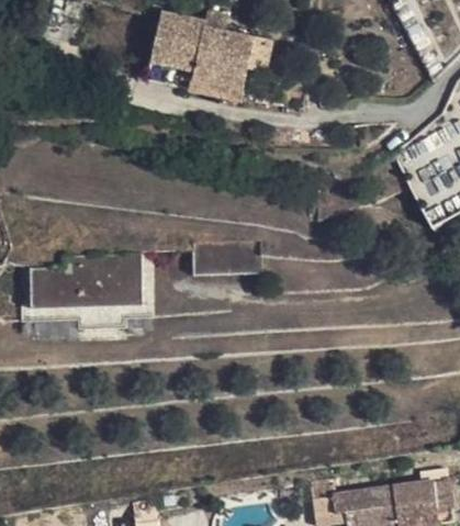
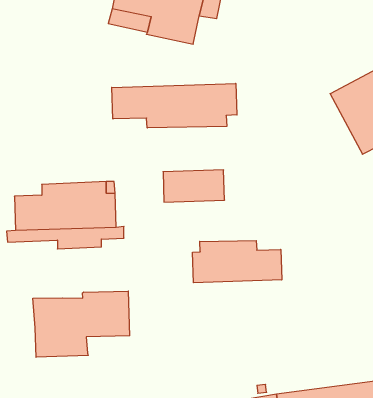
building: none -> [112,83,237,128]
building: none -> [193,241,282,283]
building: none -> [33,291,130,357]

